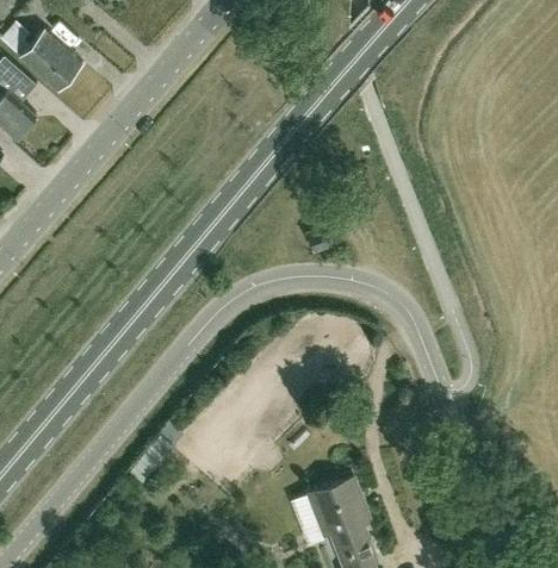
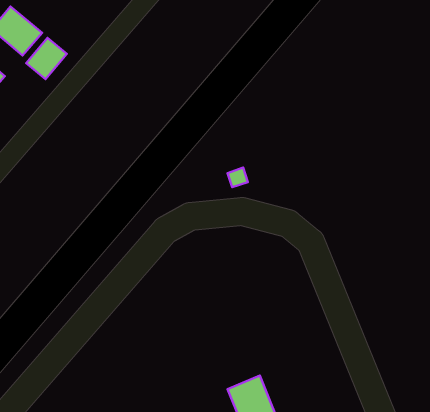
building: none -> [26,38,67,79]

